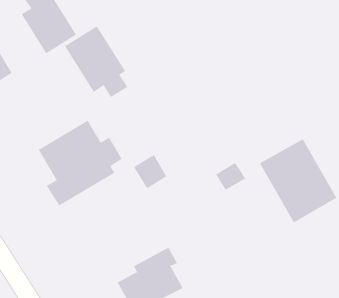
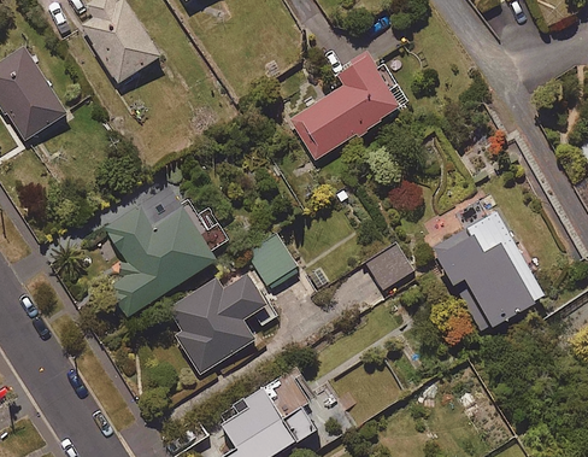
building: [64,26,128,98] -> none
building: none -> [286,49,406,160]
building: none -> [159,274,275,375]

